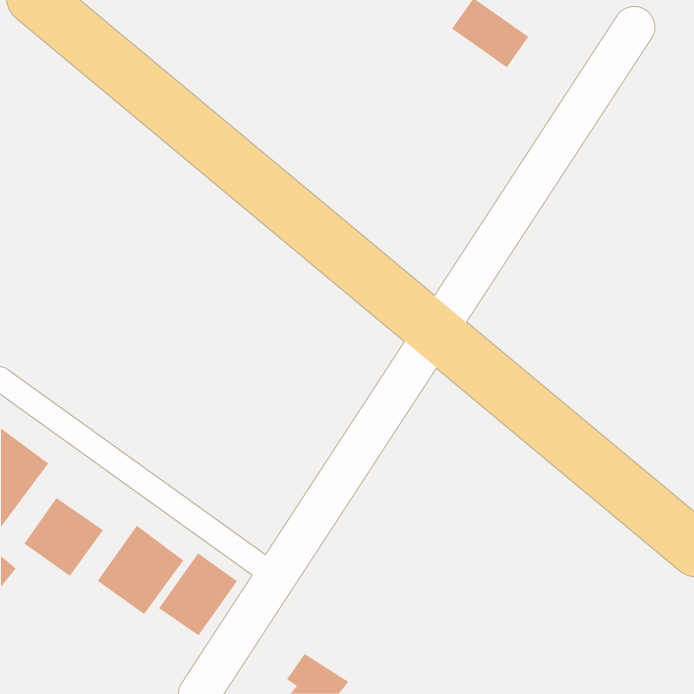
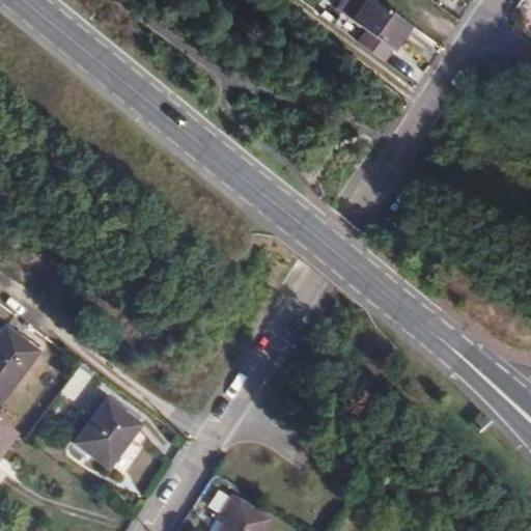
building: [24,497,104,577] -> none
building: [158,553,238,636] -> none

